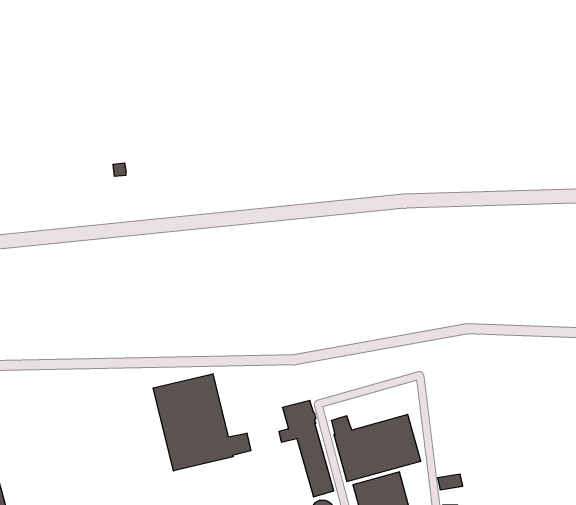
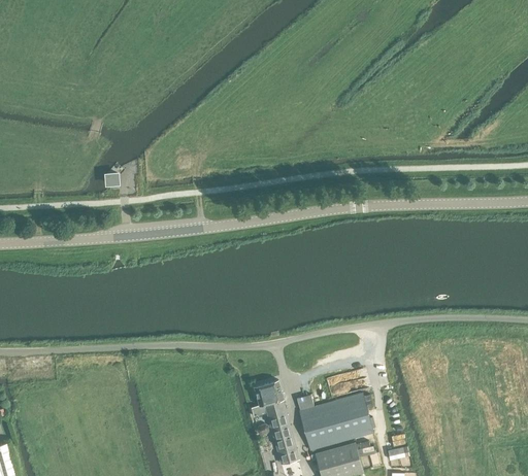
building: [153,374,251,471] -> none

